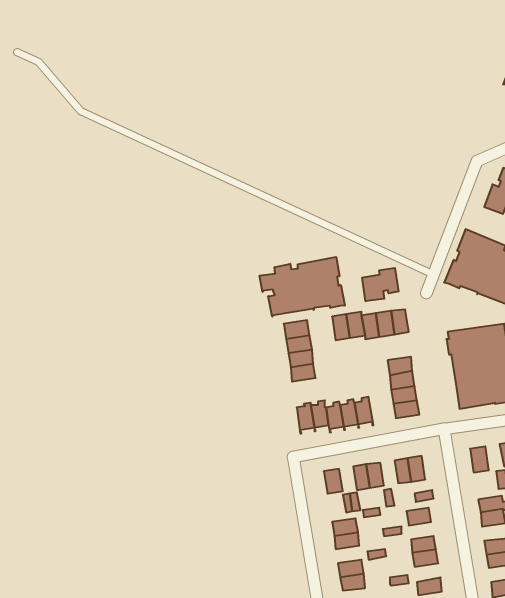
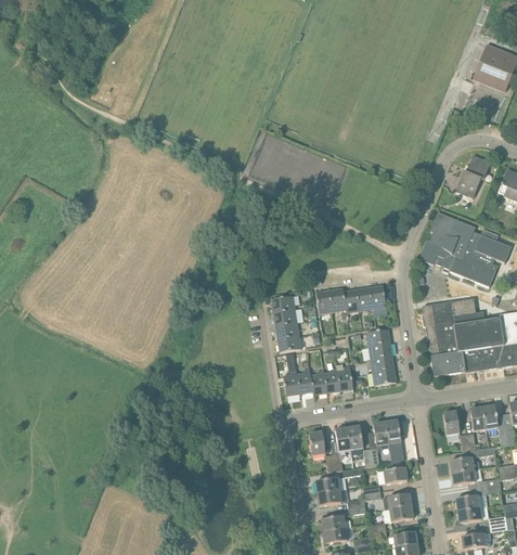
building: [260,257,345,317] -> none
building: [362,268,398,301] -> none

